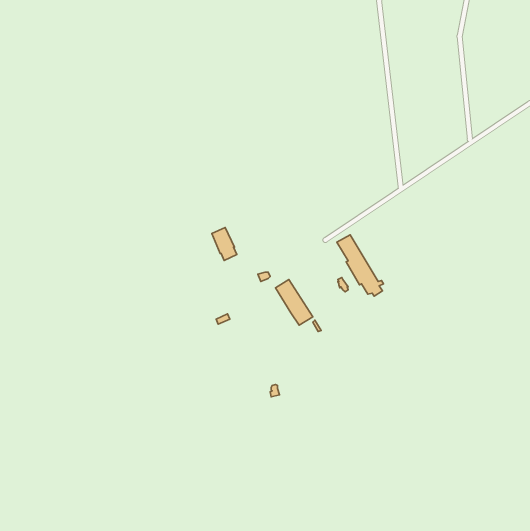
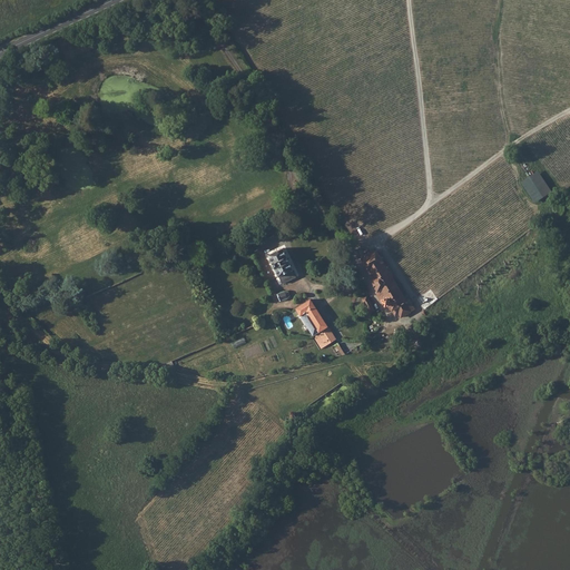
building: none -> [521,170,552,203]
building: [212,227,237,261] -> [268,248,295,284]

